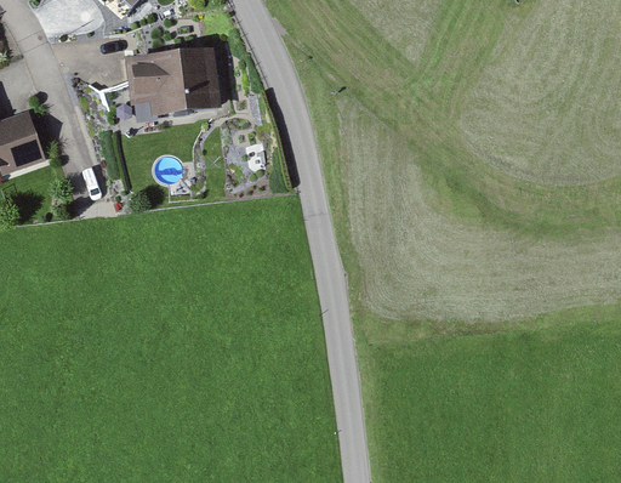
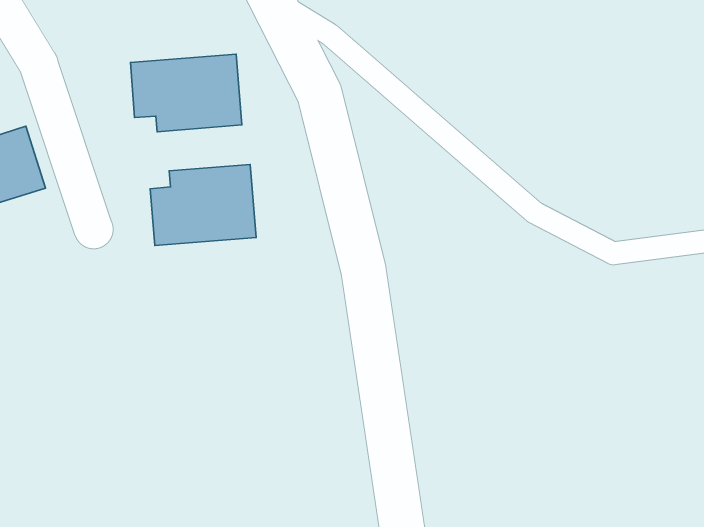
building: none -> [150,165,256,246]

